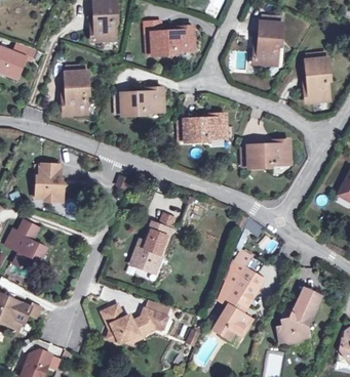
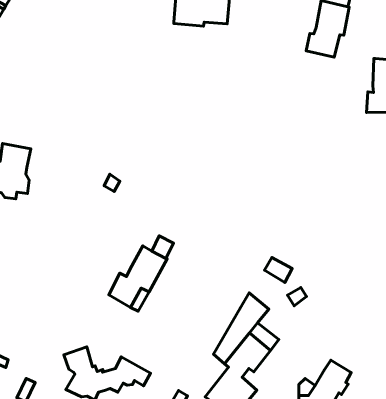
building: [62,72,86,114] -> none
building: [120,87,162,115] -> none
building: [184,114,225,141] -> none
building: [247,140,288,167] -> none

